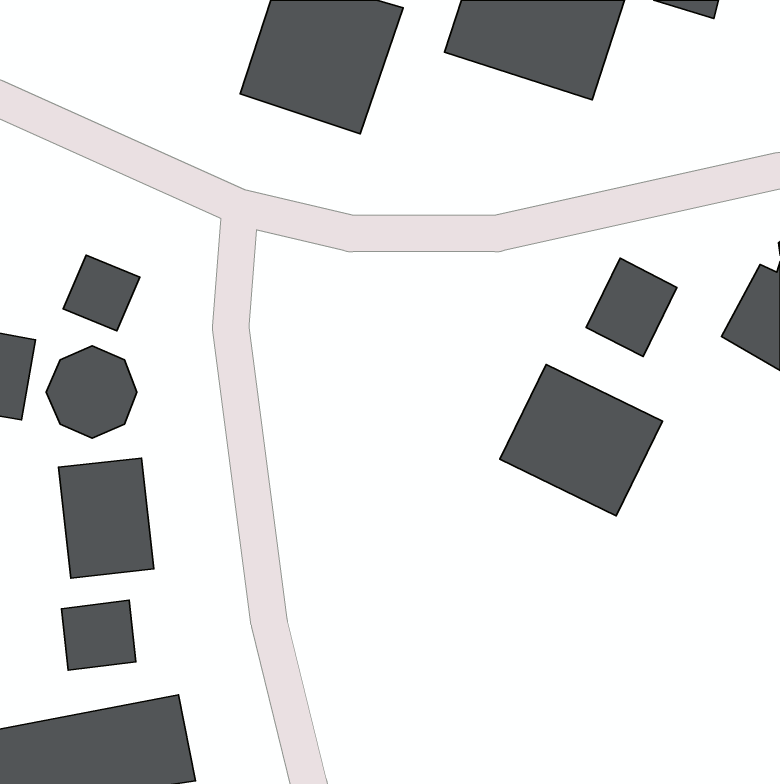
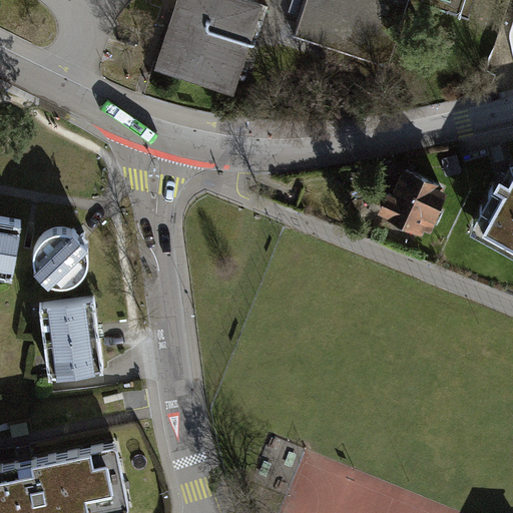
building: [63,255,140,331] -> none
building: [500,364,662,516] -> none
building: [61,600,136,670] -> none

